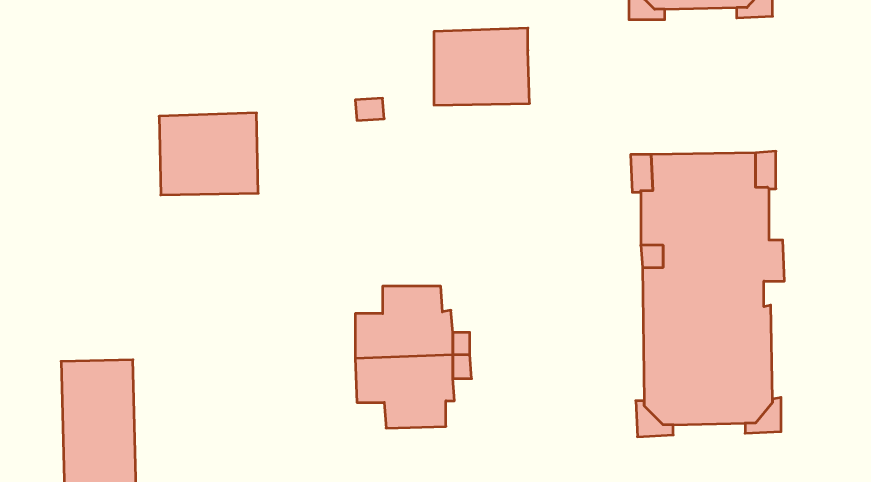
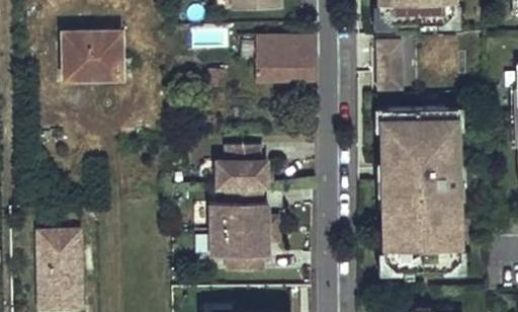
building: none -> [378,43,400,89]
building: [159,113,258,195] -> [65,30,123,79]
building: none -> [215,144,268,187]

